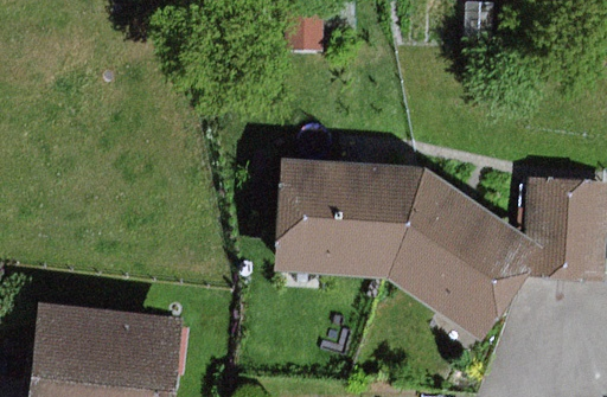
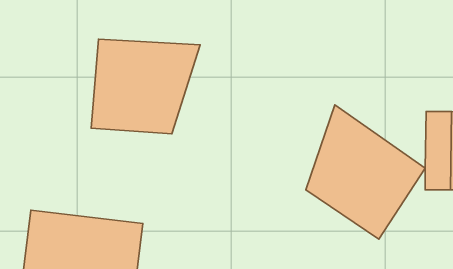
building: none -> [91,39,200,134]
building: [275,160,427,277] -> none

